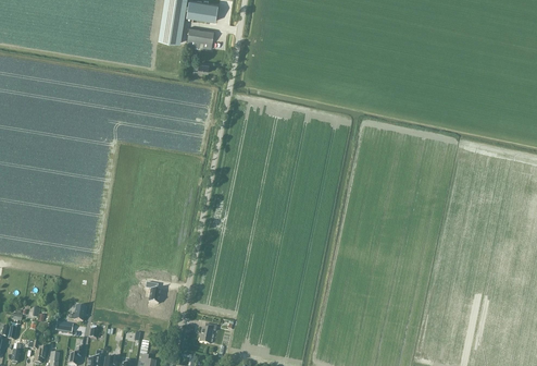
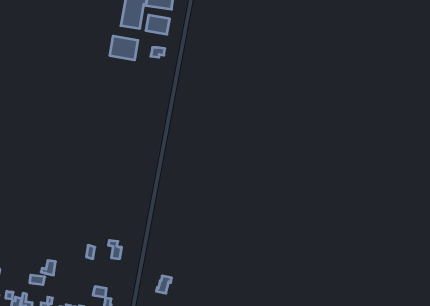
building: none -> [110,36,138,60]

